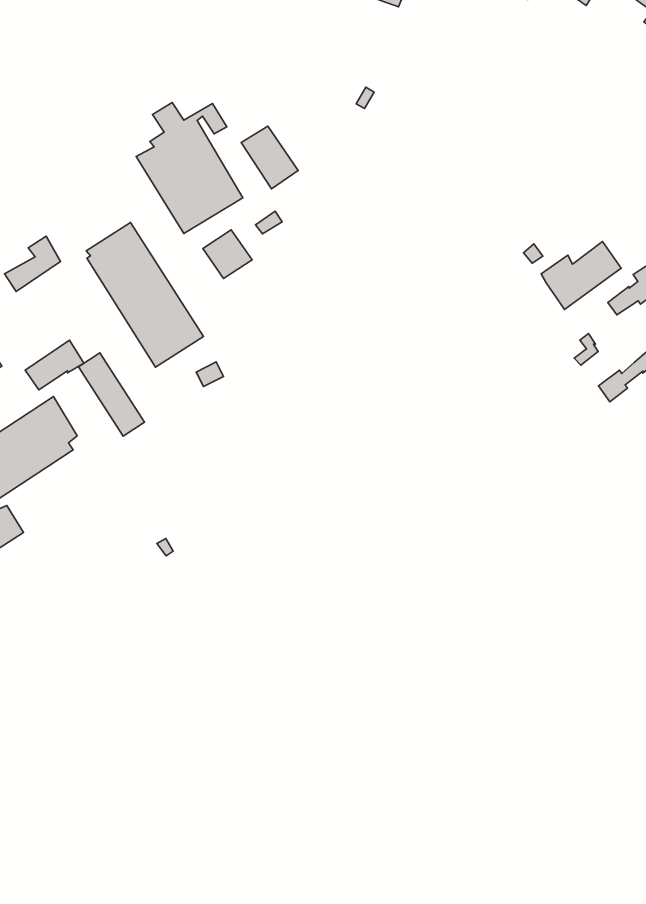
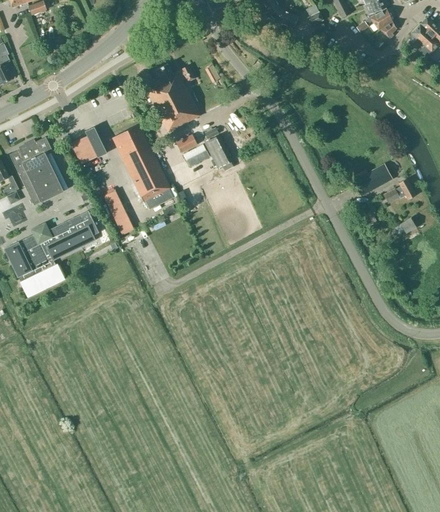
building: [241,126,298,189] -> [204,135,232,168]
building: [25,340,84,390] -> [75,140,106,164]

